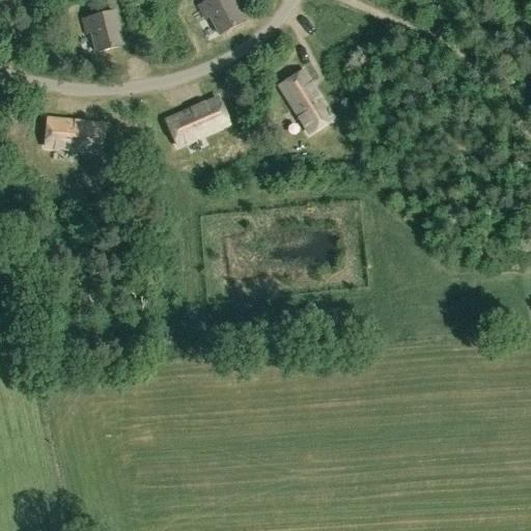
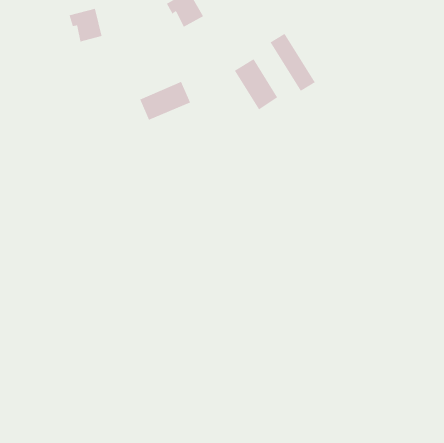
building: none -> [269,33,316,92]
building: [45,117,103,151] -> none

